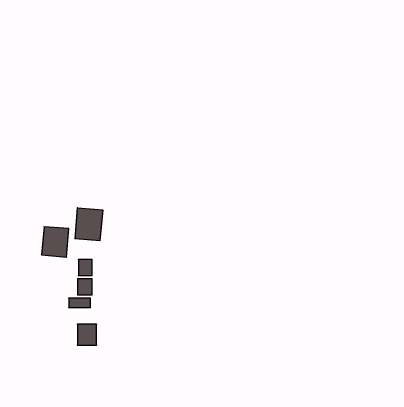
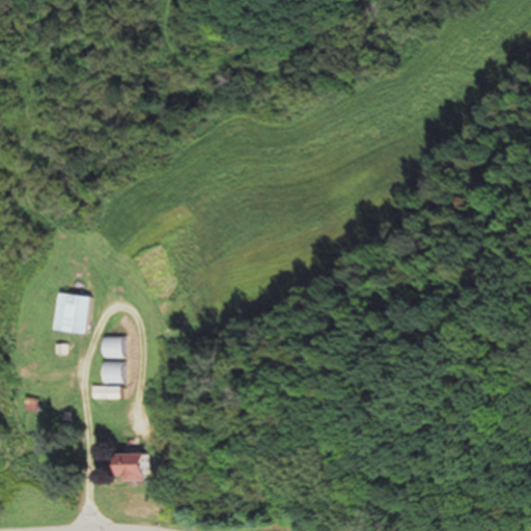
building: [75,208,103,241] -> none
building: [77,324,97,345] -> [122,453,147,480]

